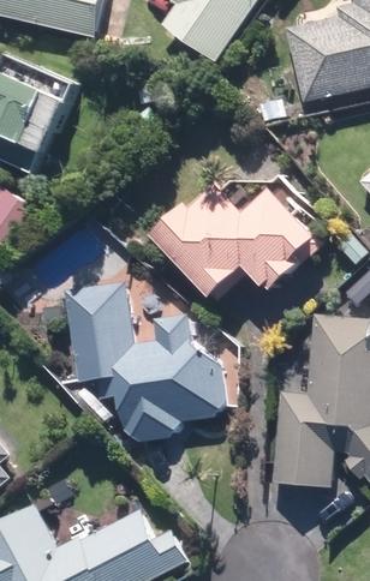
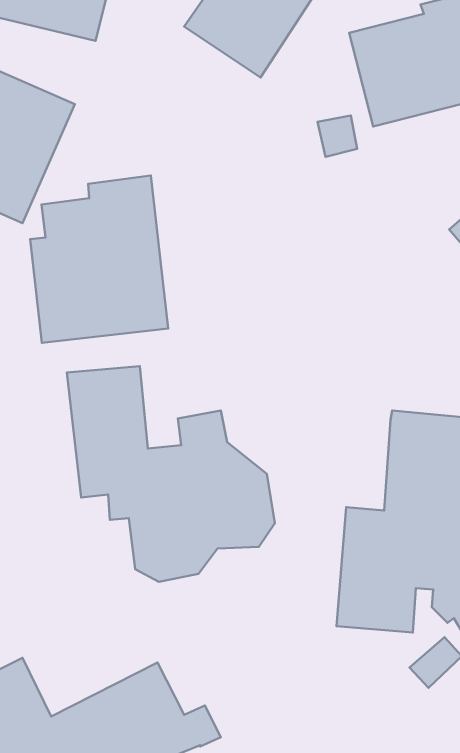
building: none -> [30,176,168,343]
building: [153,192,322,303] -> none

